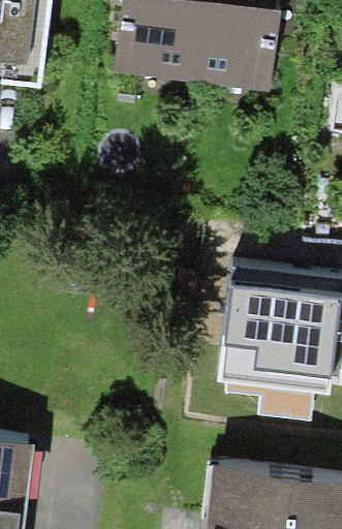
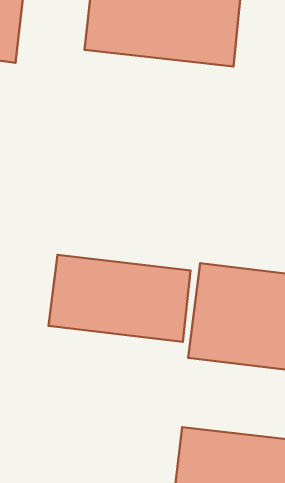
building: none -> [48,255,191,342]

